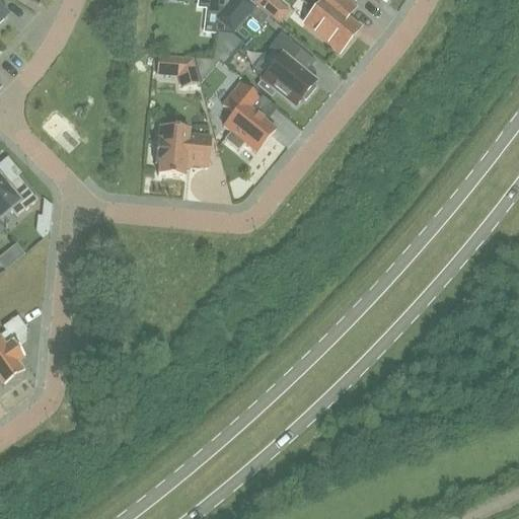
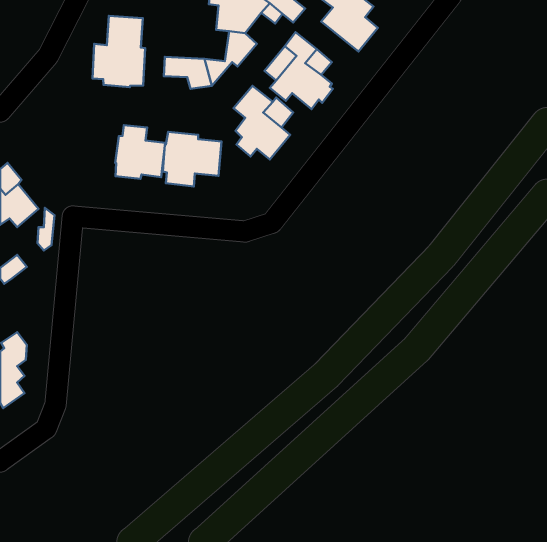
building: none -> [93,16,145,87]
building: none -> [115,125,165,179]

